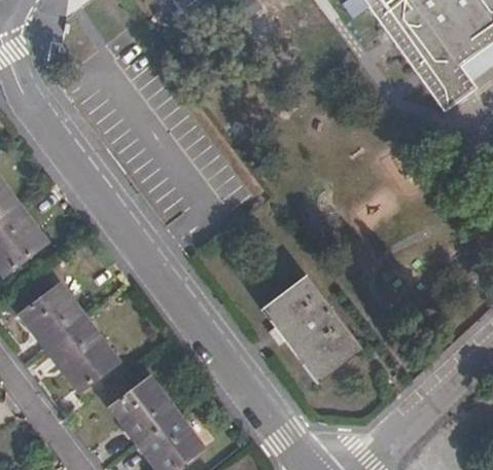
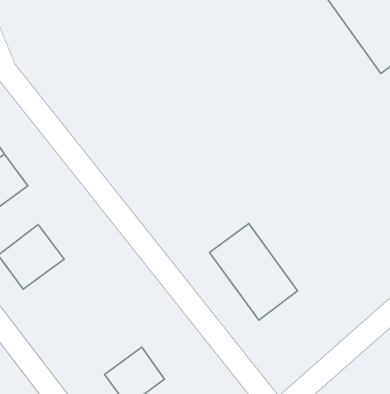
building: [48,318,122,391] -> none
building: [111,377,179,444] -> none

